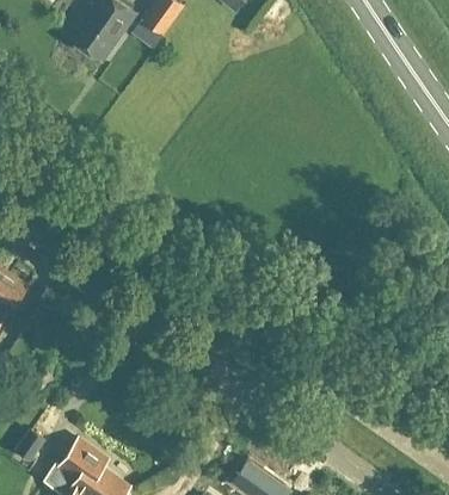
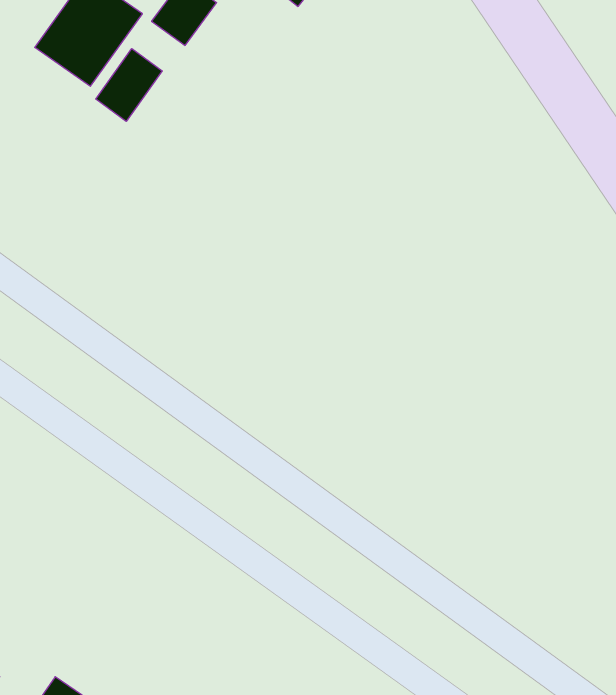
building: none -> [96,49,162,121]

